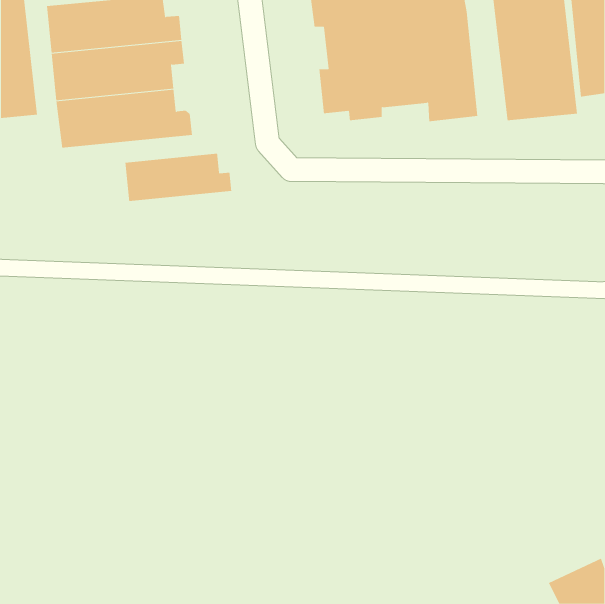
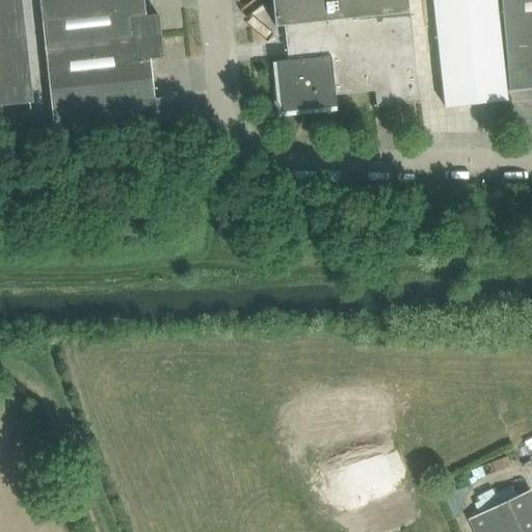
building: [125,153,232,202] -> none

